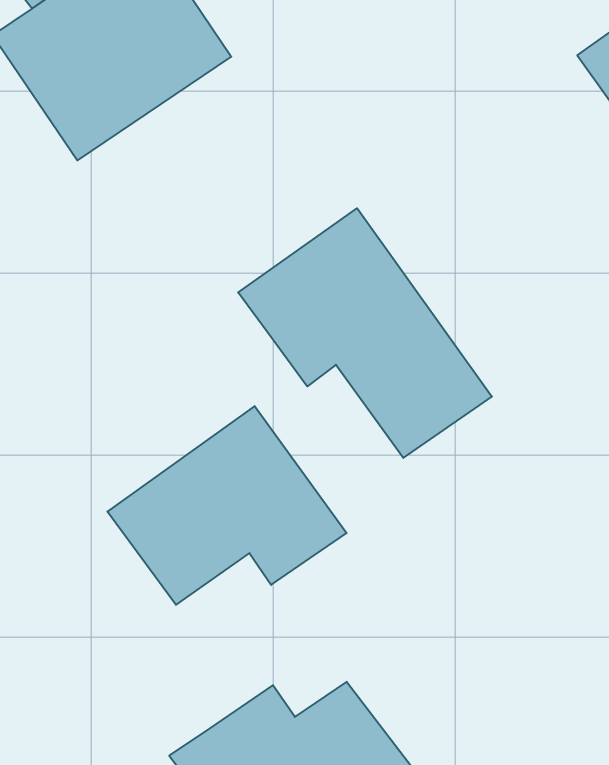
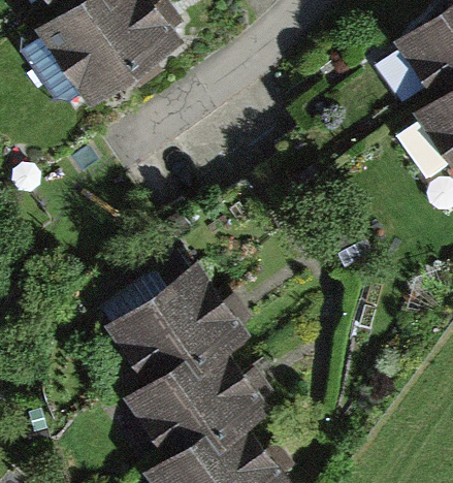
building: [238,208,492,458] -> none
building: none -> [126,351,277,459]

